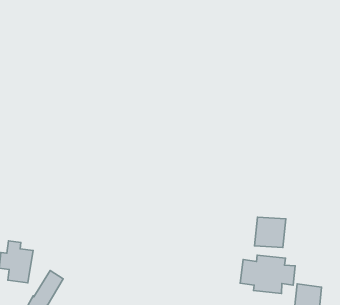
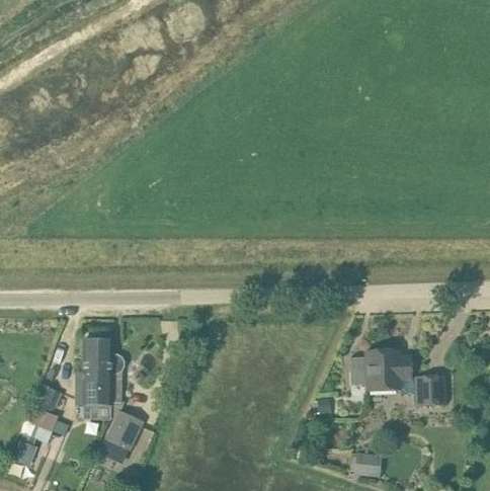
building: none -> [82,340,124,380]
building: [255,217,286,248] -> none

